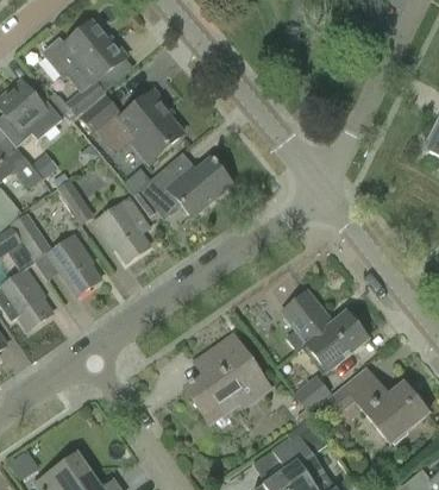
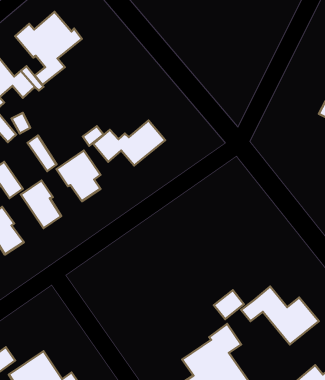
building: [80,94,182,157] -> none
building: [280,290,366,371] -> none
building: [184,333,271,423] -> none

